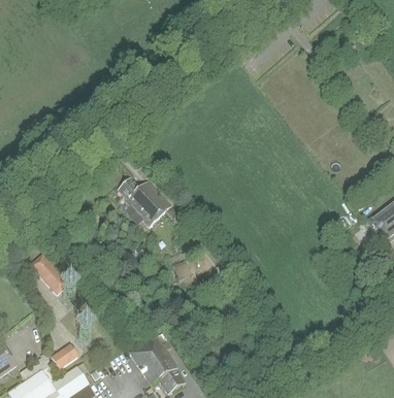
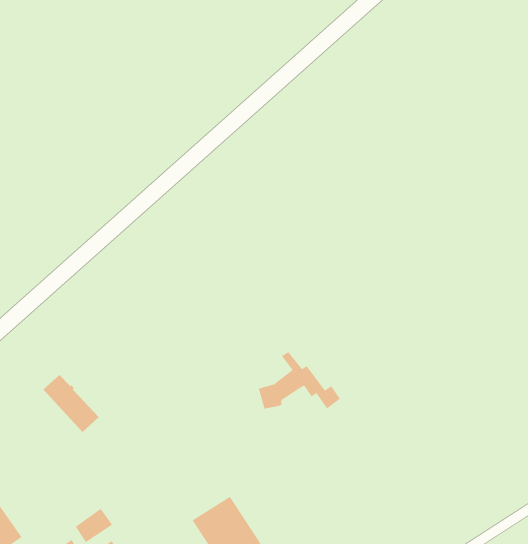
building: [118,176,178,225] -> none

